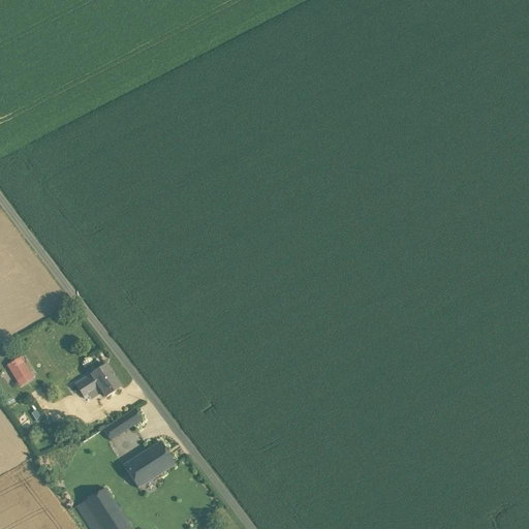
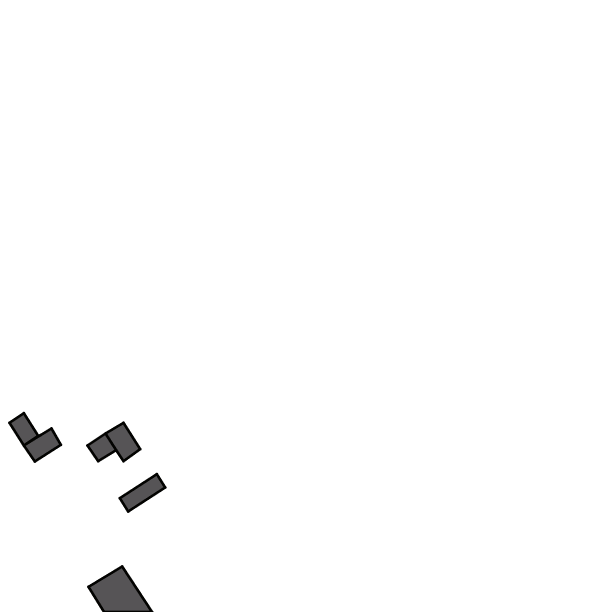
building: none -> [24,428,61,462]
building: [123,442,176,489] -> none

